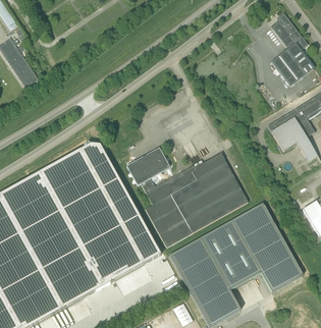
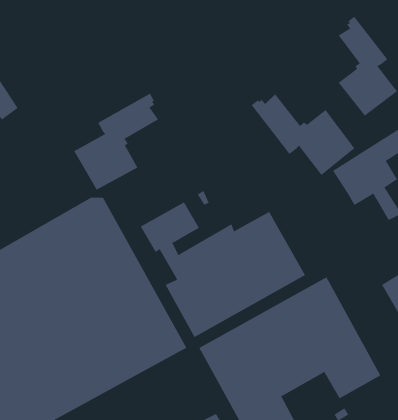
building: none -> [74,93,159,190]
building: none -> [251,94,355,176]

